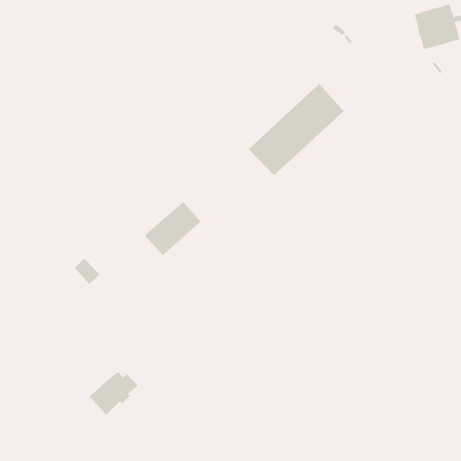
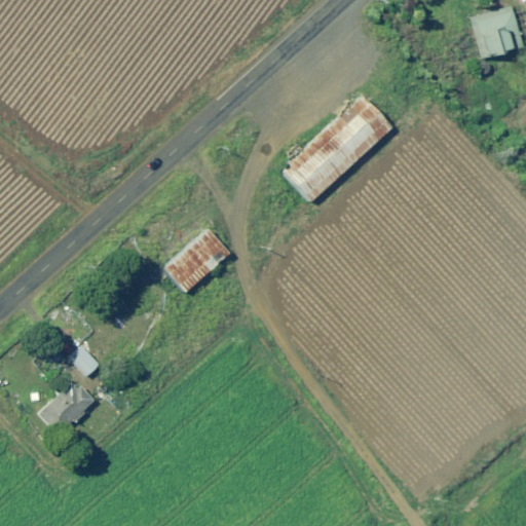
building: [74,258,100,285] -> [69,346,99,377]
building: [89,371,139,416] -> [38,384,95,435]

